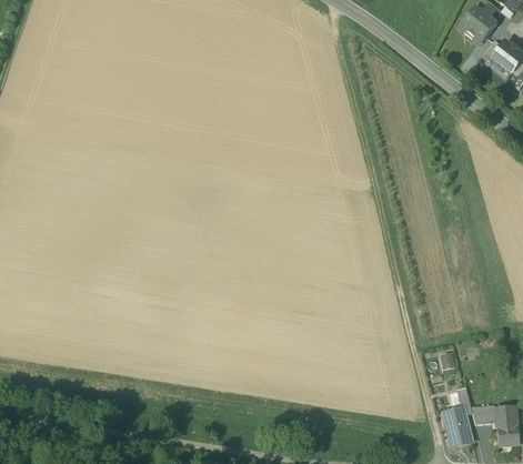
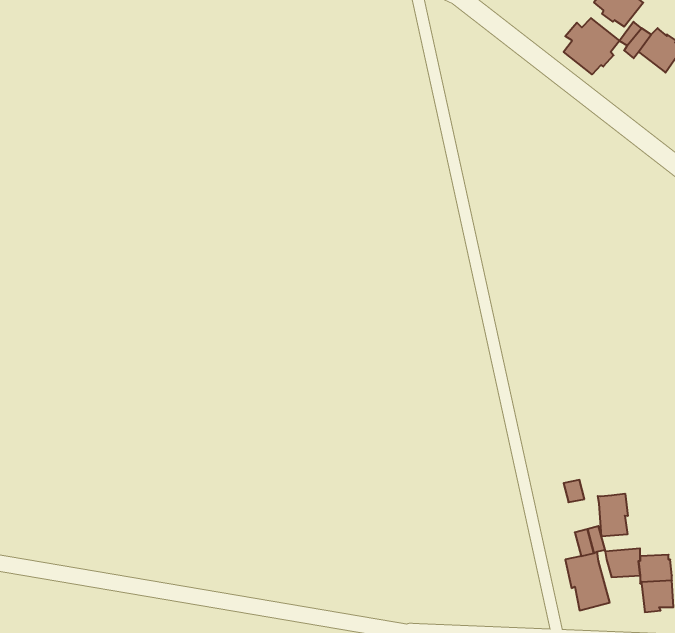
building: none -> [564,18,619,74]
building: none -> [598,494,628,537]

